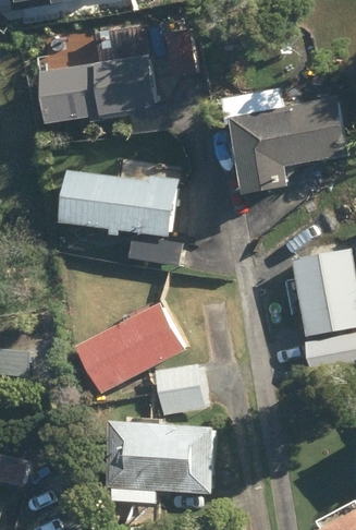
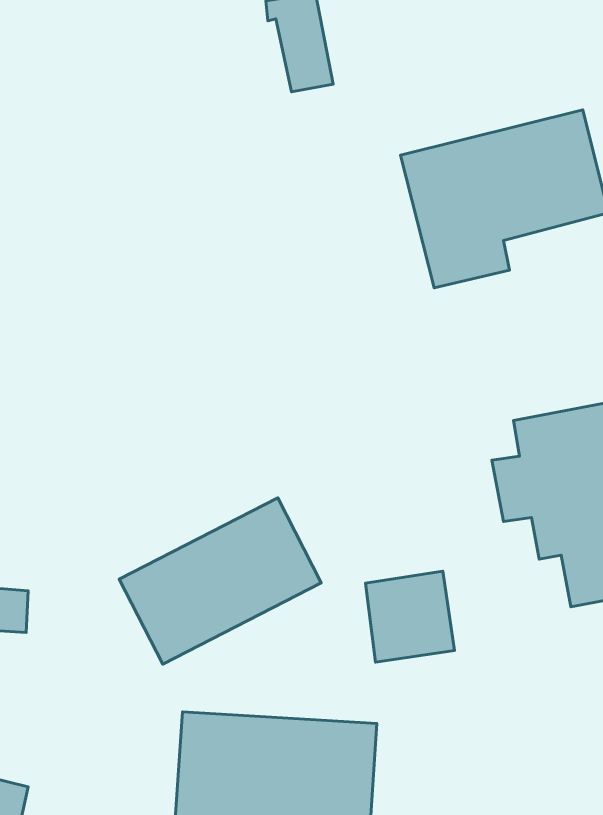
building: [35,50,149,119] -> none
building: [61,170,176,268] -> none
building: [152,365,201,415] -> [365,571,455,662]

